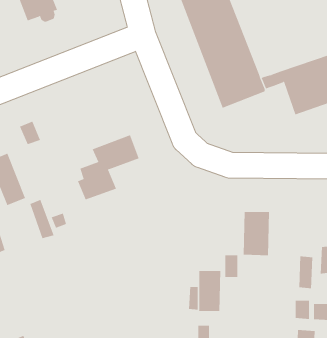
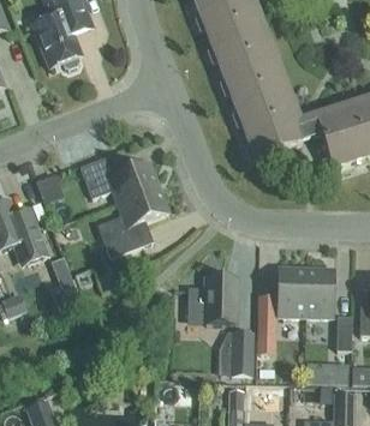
building: none -> [80,155,159,202]
building: none -> [305,268,334,314]
building: none -> [187,276,235,322]

